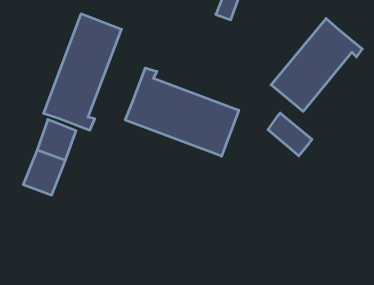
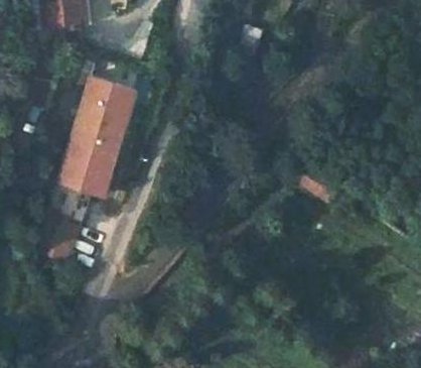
building: [271,18,362,111] -> none
building: [125,68,239,156] -> none

